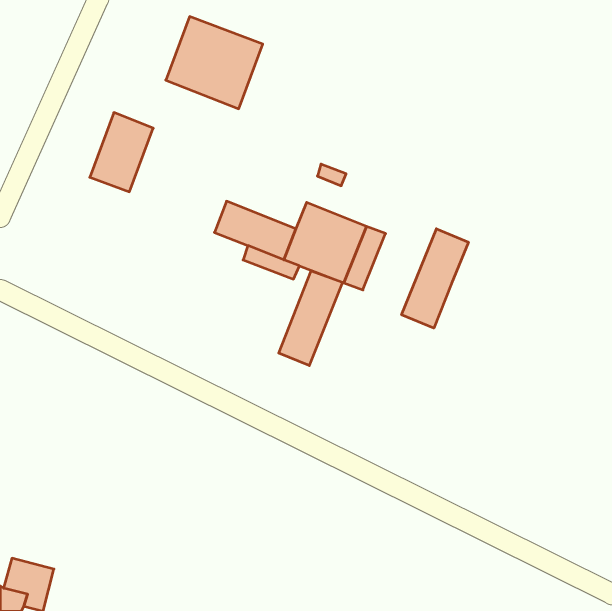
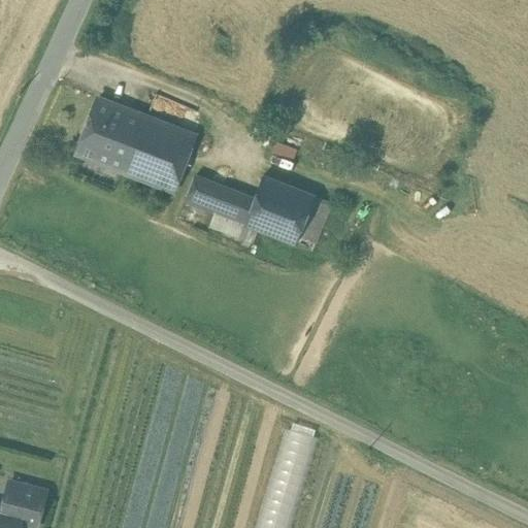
building: [166,17,263,109] -> [111,110,195,190]
building: [402,229,468,328] -> none
building: [279,271,343,366] -> none

